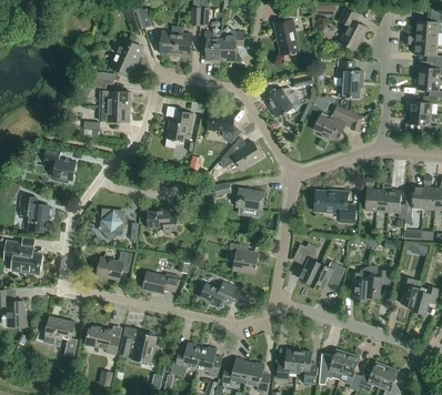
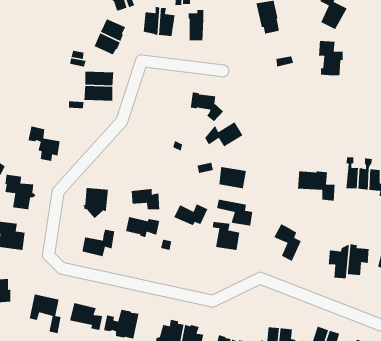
building: [221,29,244,61] -> none
building: [265,88,294,118] -> none
building: [314,107,363,141] -> none
building: [165,111,193,148] -> none
building: none -> [216,198,253,226]
building: [311,261,346,291] -> none
building: [143,272,179,294] -> [125,216,160,238]
building: [200,282,235,305] -> [173,203,208,226]

